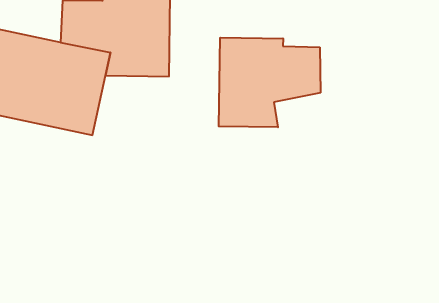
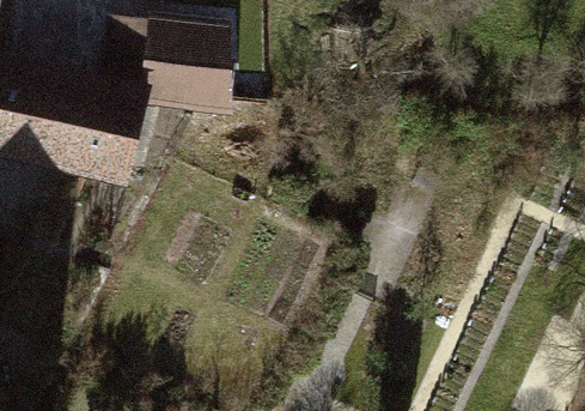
building: [219,38,320,127] -> none

